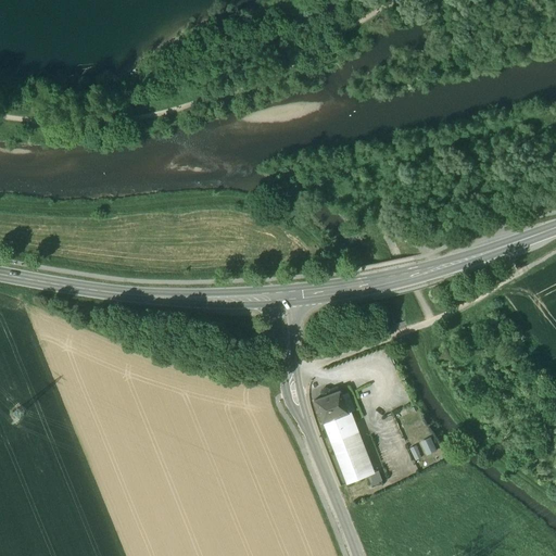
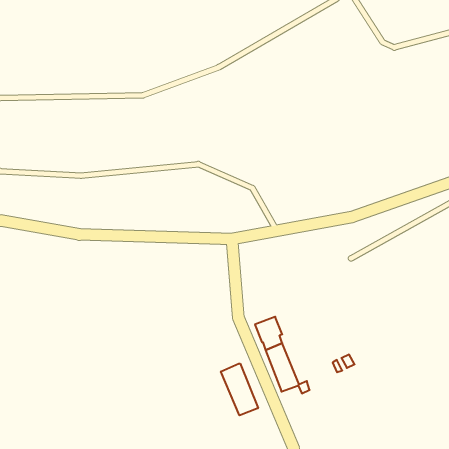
building: none -> [221,364,258,415]

